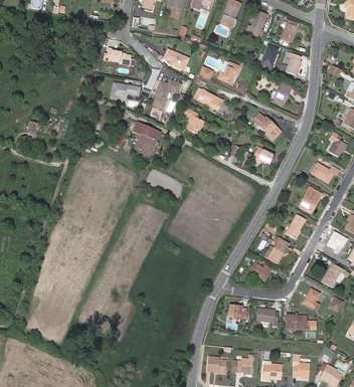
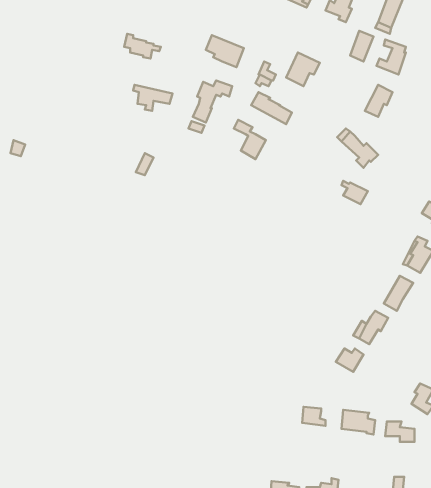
building: [133,122,160,157] -> none

